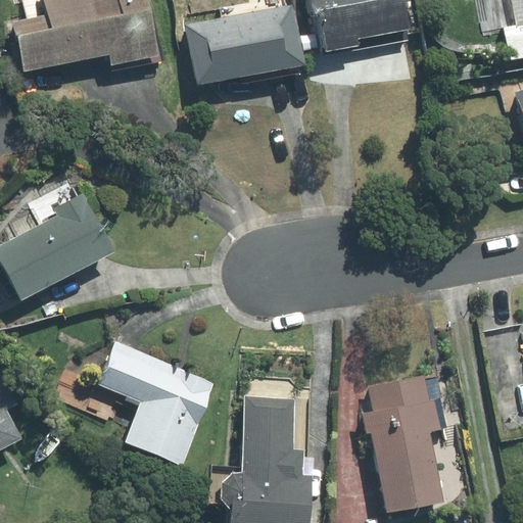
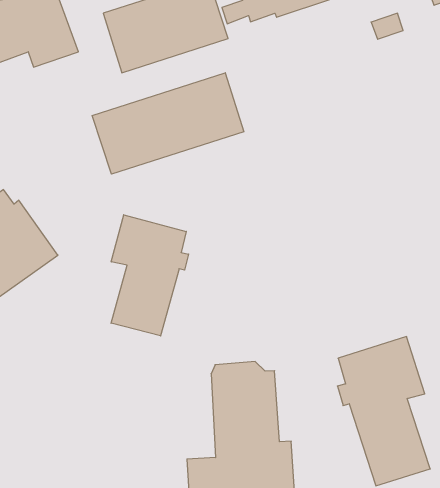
building: none -> [92,73,244,174]
building: none -> [111,215,189,336]
building: [99,344,212,464] -> none

